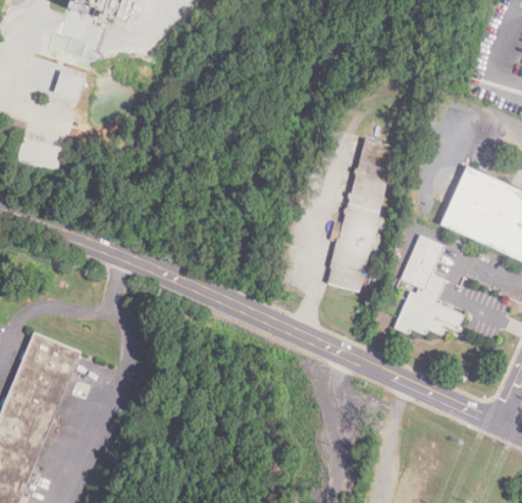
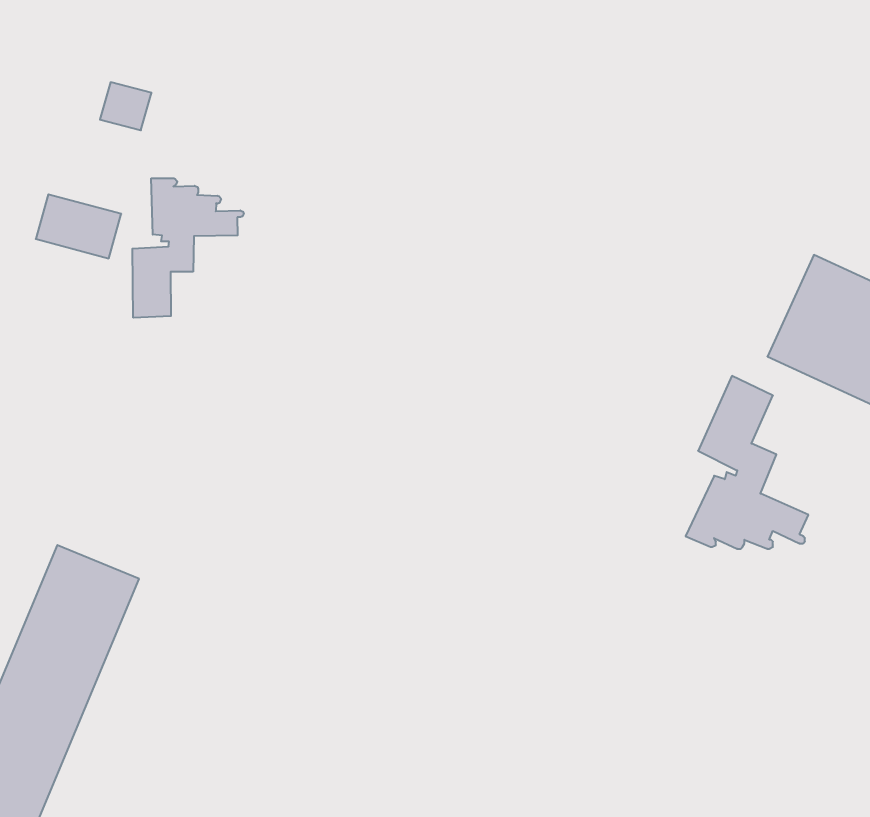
building: [327,121,396,293] -> none
building: none -> [132,178,244,318]

